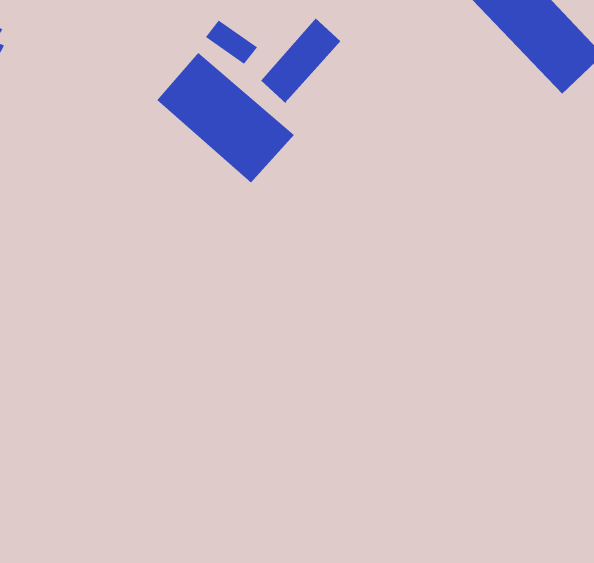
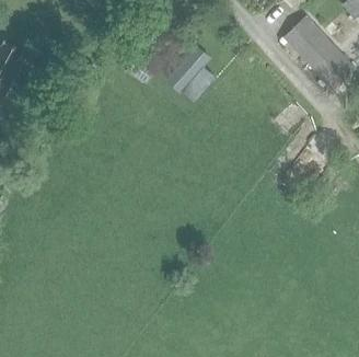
building: [156,52,295,183] -> none

